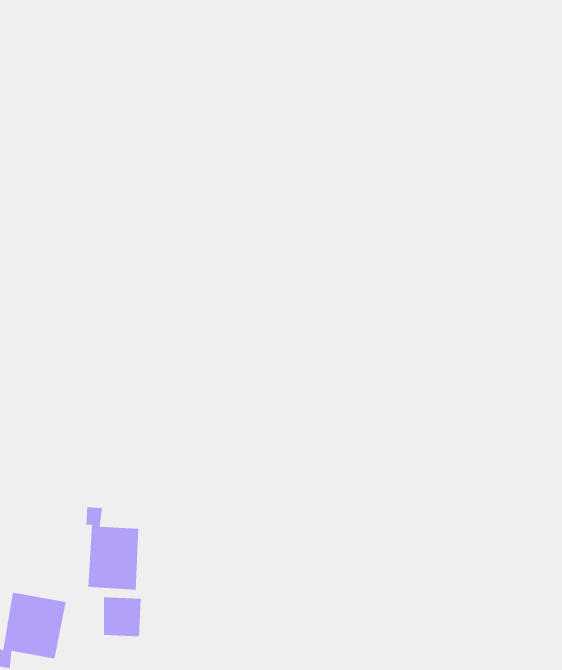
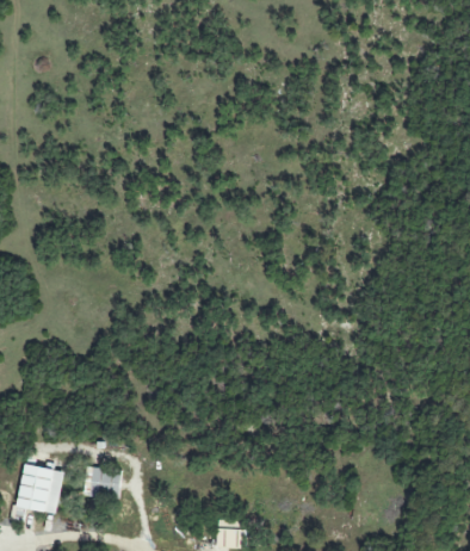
building: [86,507,139,591] -> none

